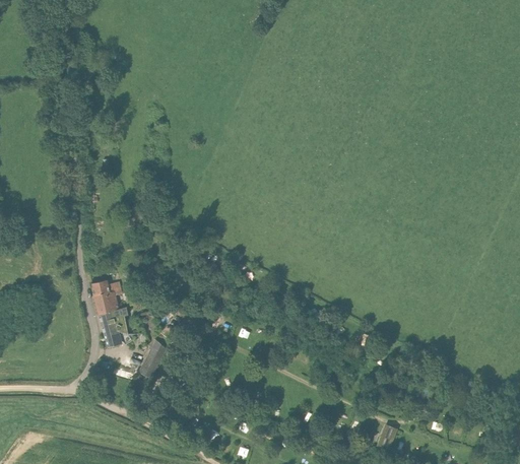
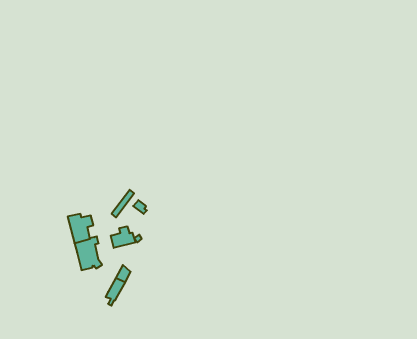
building: none -> [111,226,135,248]

